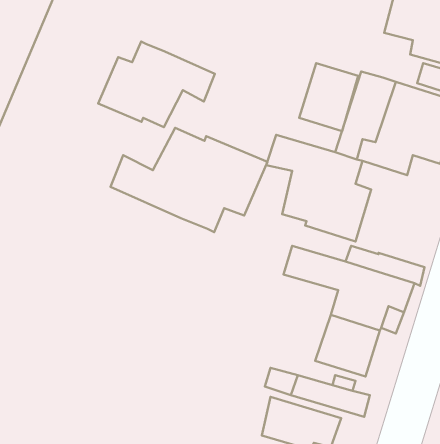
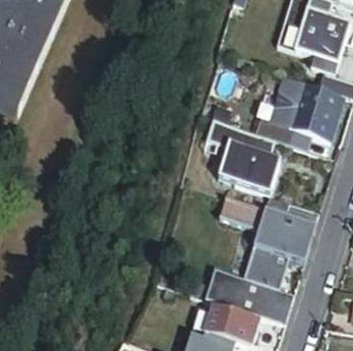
building: [98,42,215,127] -> none
building: [299,63,358,131] -> none
building: [110,128,267,232] -> none

